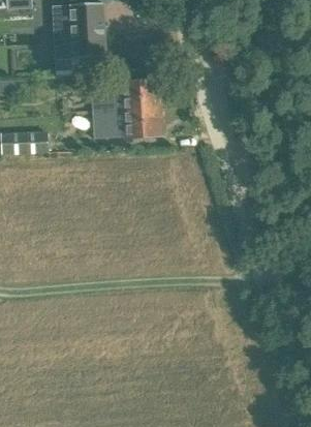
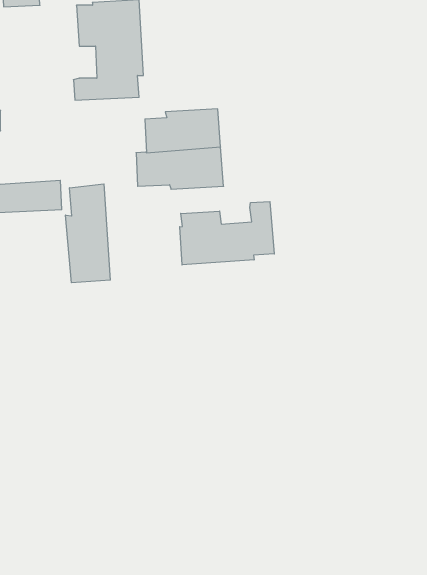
building: none -> [66,184,110,283]
building: none -> [180,202,274,265]

